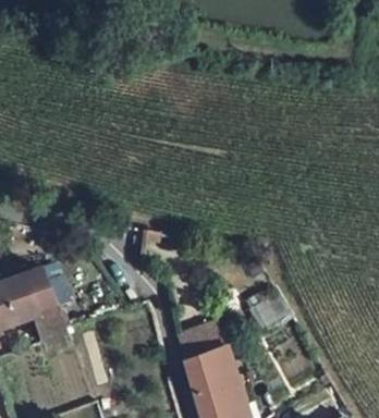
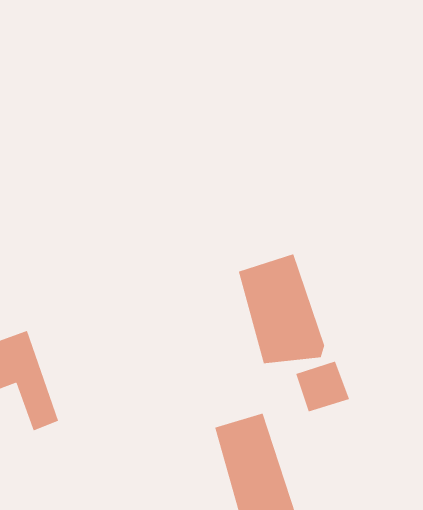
building: none -> [238,253,325,364]

